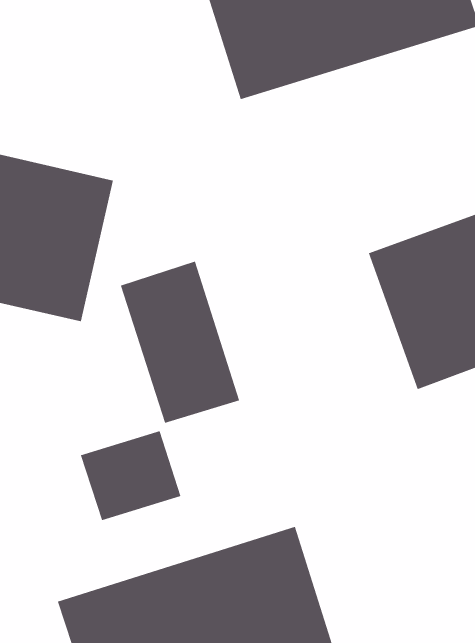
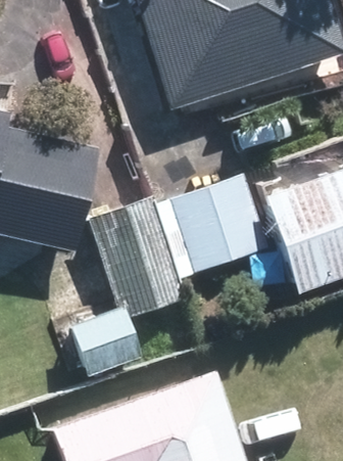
building: none -> [161,180,259,275]

